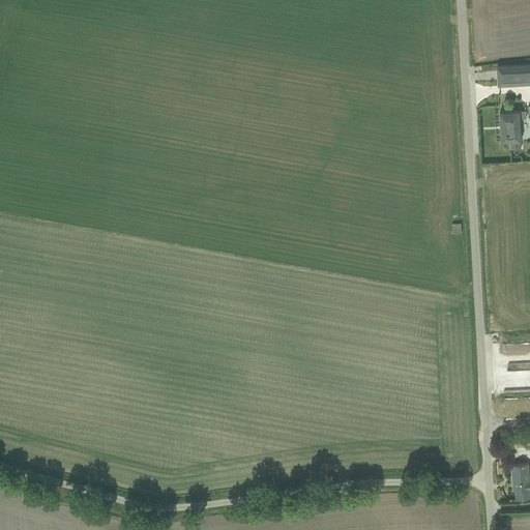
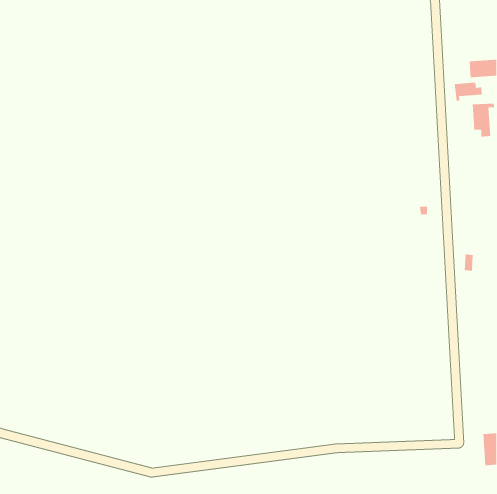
building: none -> [454,82,482,102]

